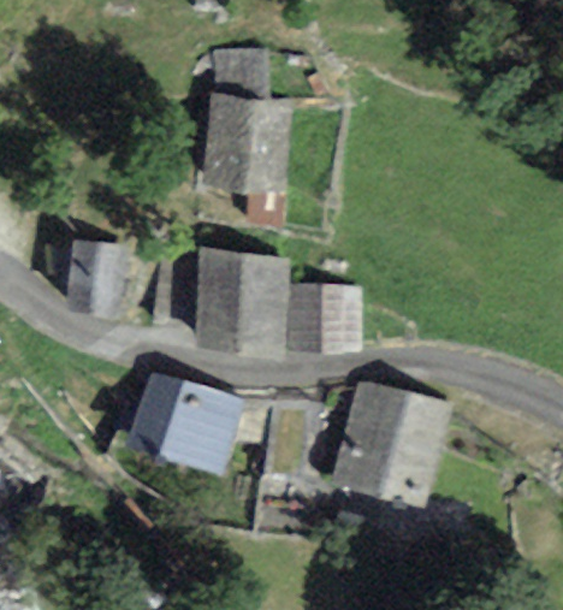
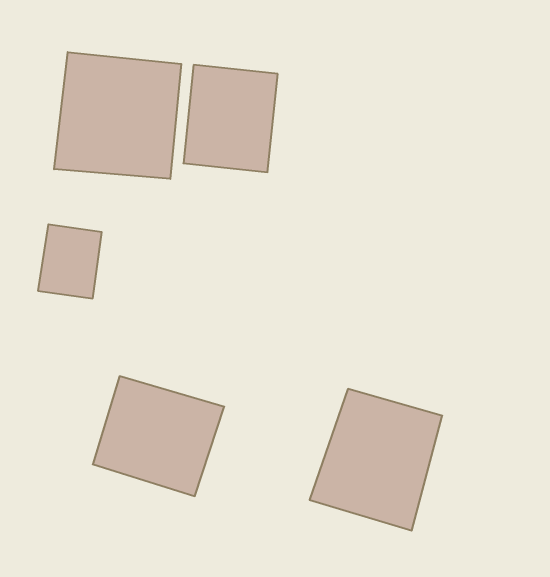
building: none -> [54,52,181,179]
building: [200,249,361,339] -> none

